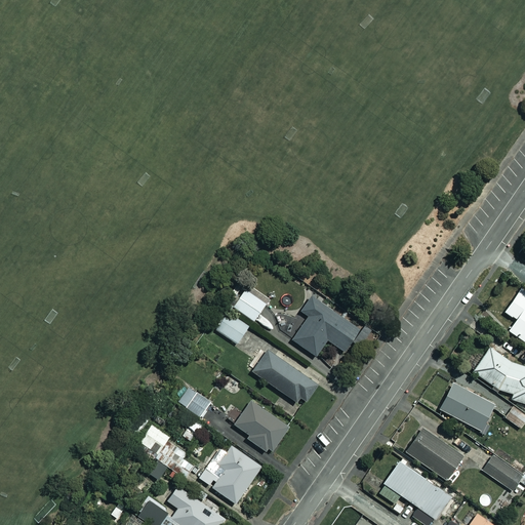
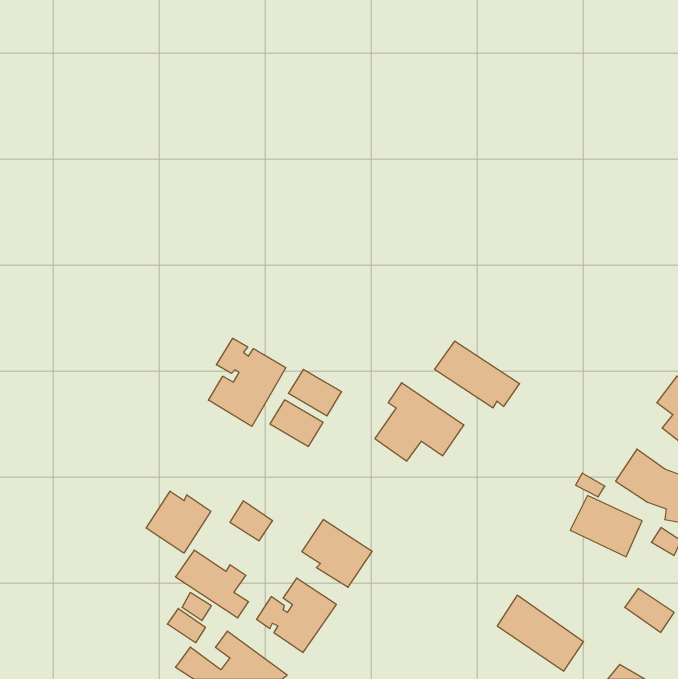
building: none -> [208,338,286,426]
building: [251,351,317,402] -> [435,341,520,408]
building: none -> [146,491,211,553]
building: [407,428,467,480] -> none
building: none -> [167,608,205,643]

